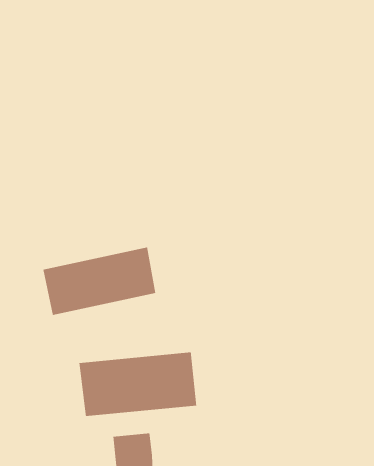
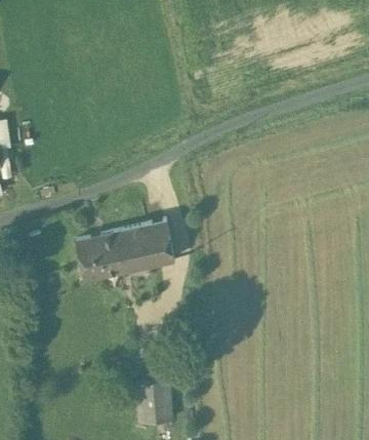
building: [79,352,197,417] -> none

